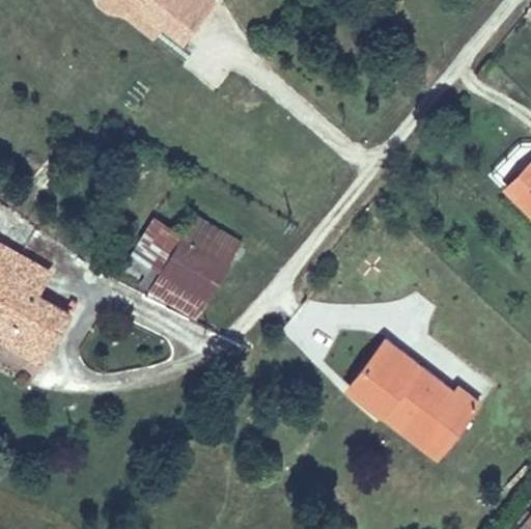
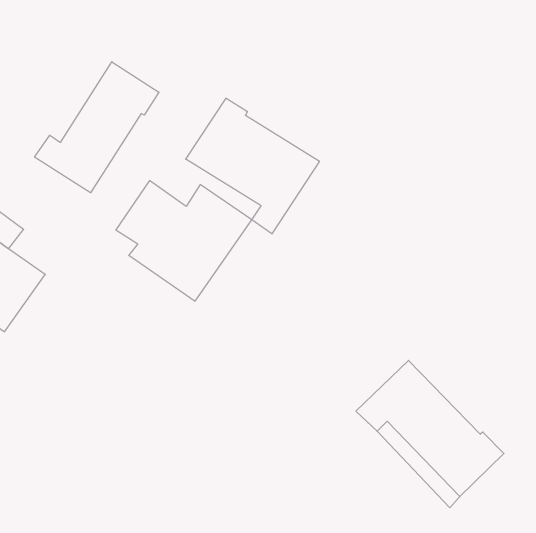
building: none -> [35,62,159,193]
building: none -> [186,98,319,234]

